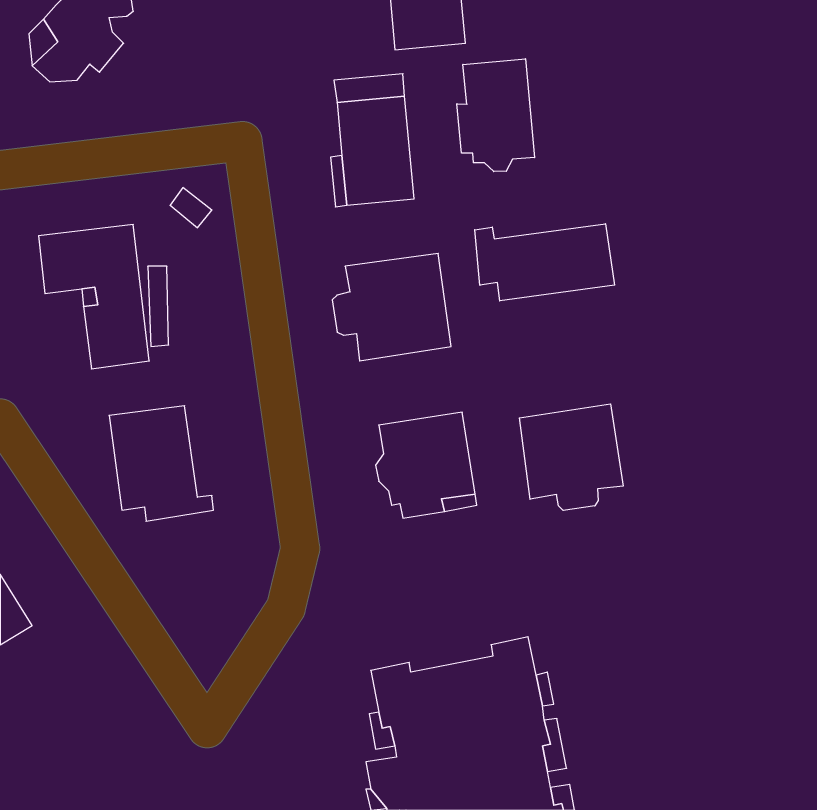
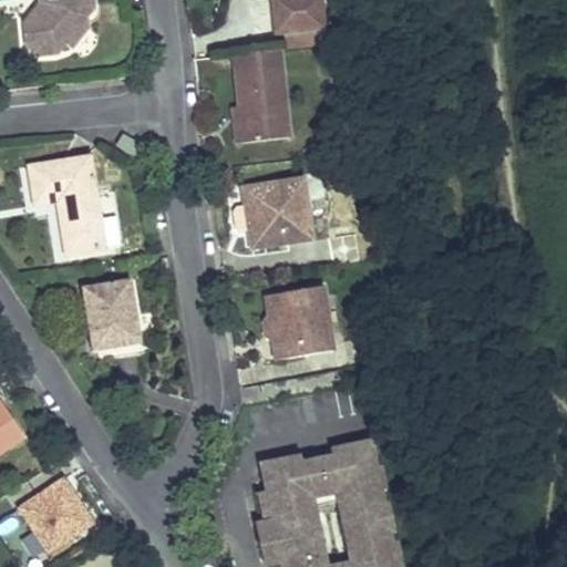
building: [457,59,535,172] -> none
building: [475,224,615,301] -> none
building: [519,404,623,510] -> none
building: none -> [28,477,92,545]

